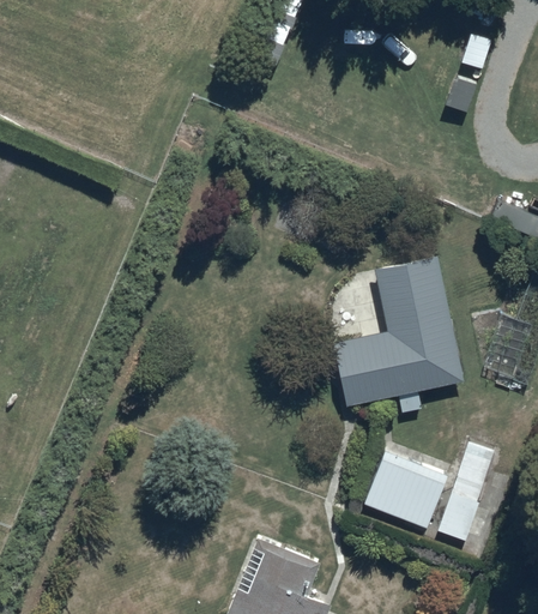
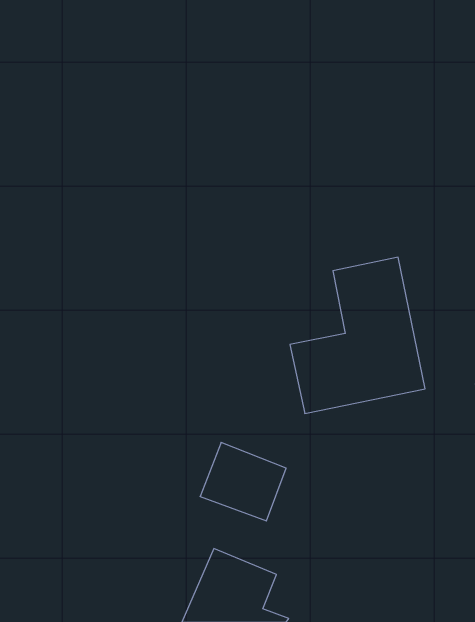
building: [437,441,496,542] -> none
building: [364,452,448,529] -> [200,442,286,521]

